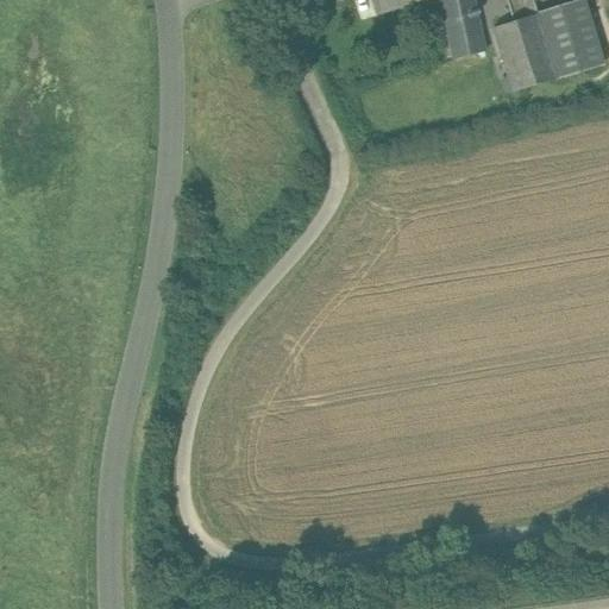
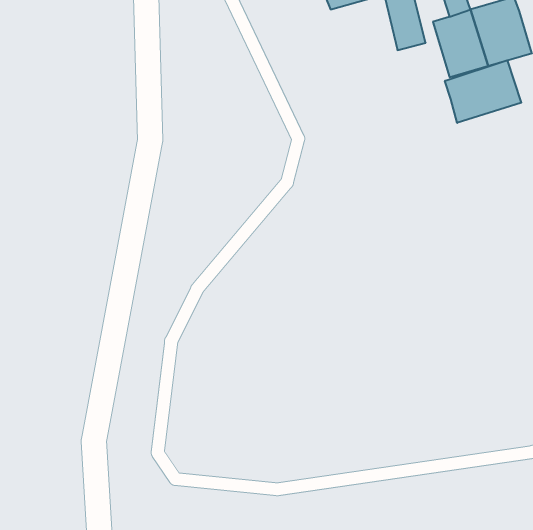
building: none -> [445,60,521,123]

